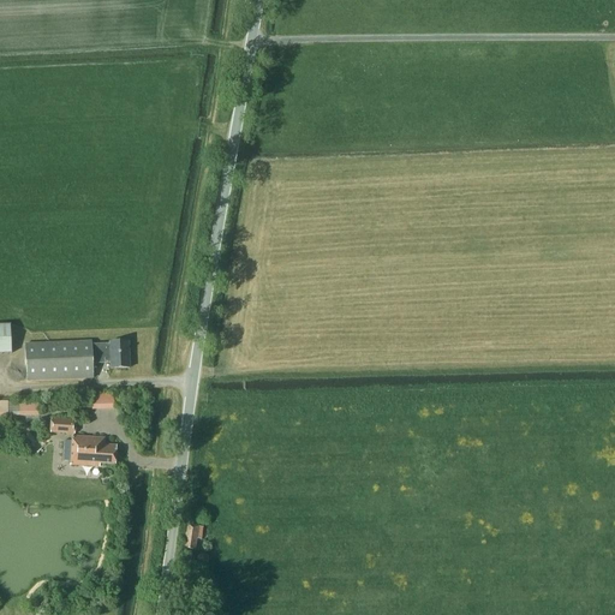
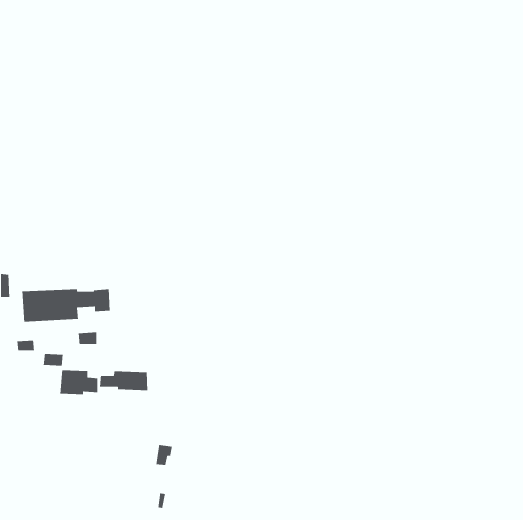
building: none -> [99,370,148,391]

